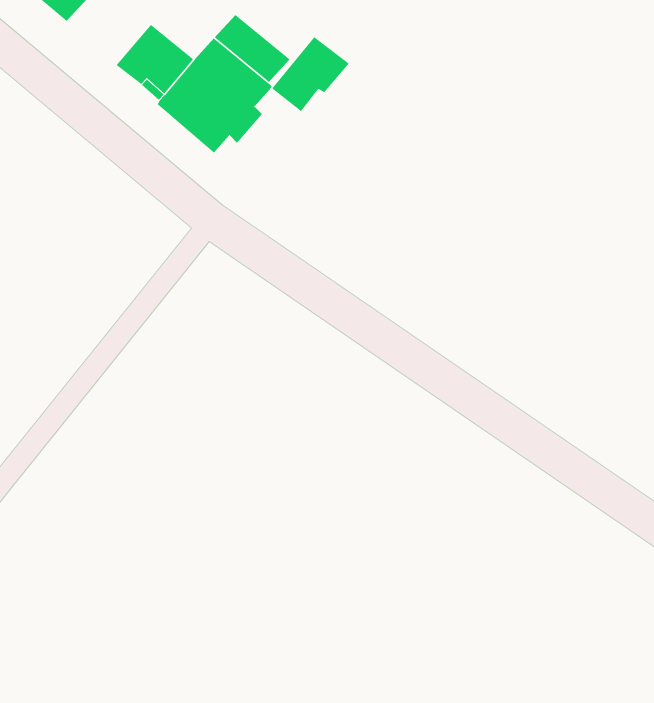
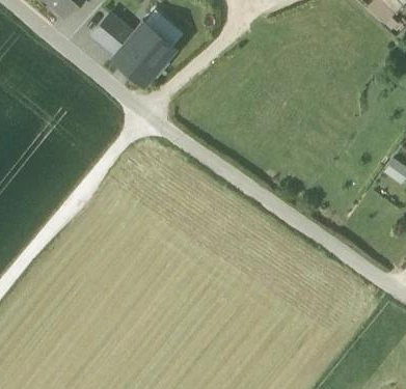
building: [271,36,350,112] -> none

